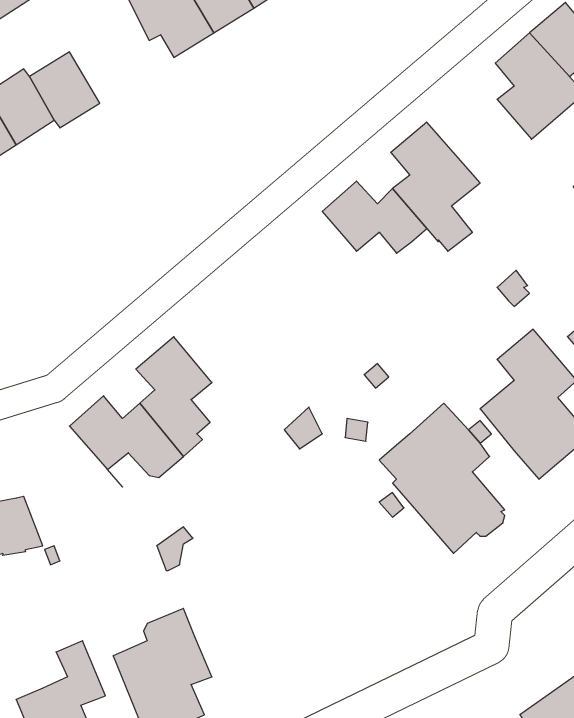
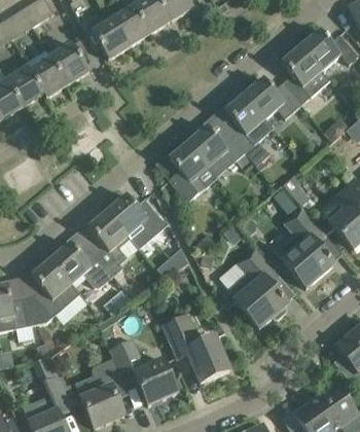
building: none -> [51,43,89,83]
building: none -> [245,77,301,127]
building: none -> [169,142,217,200]
building: none -> [108,194,165,244]
building: none -> [27,258,80,323]
building: none -> [163,315,229,383]
building: none -> [110,338,177,405]

